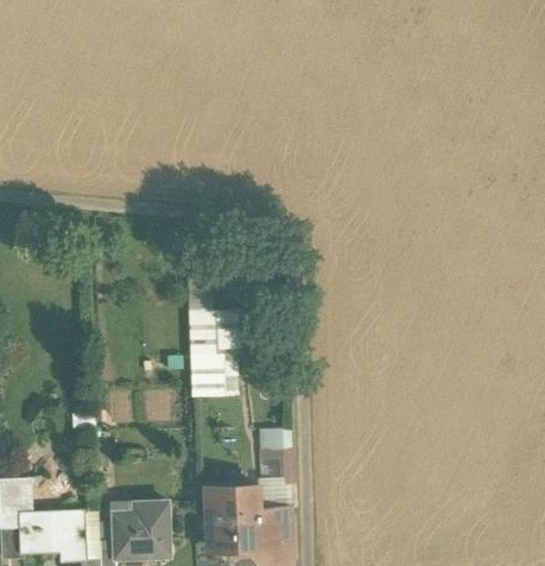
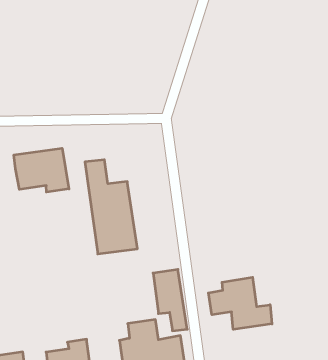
building: none -> [14,148,69,192]
building: none -> [208,277,272,329]

